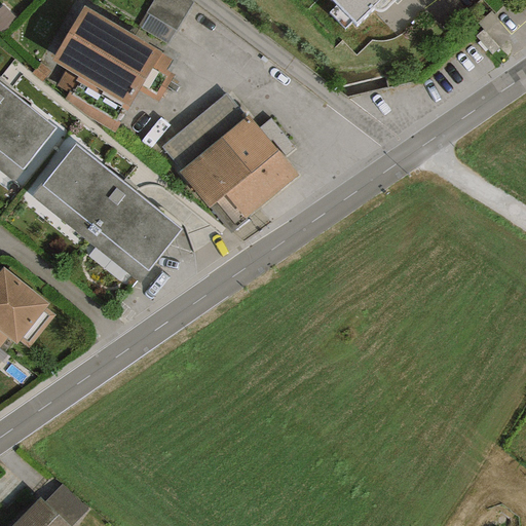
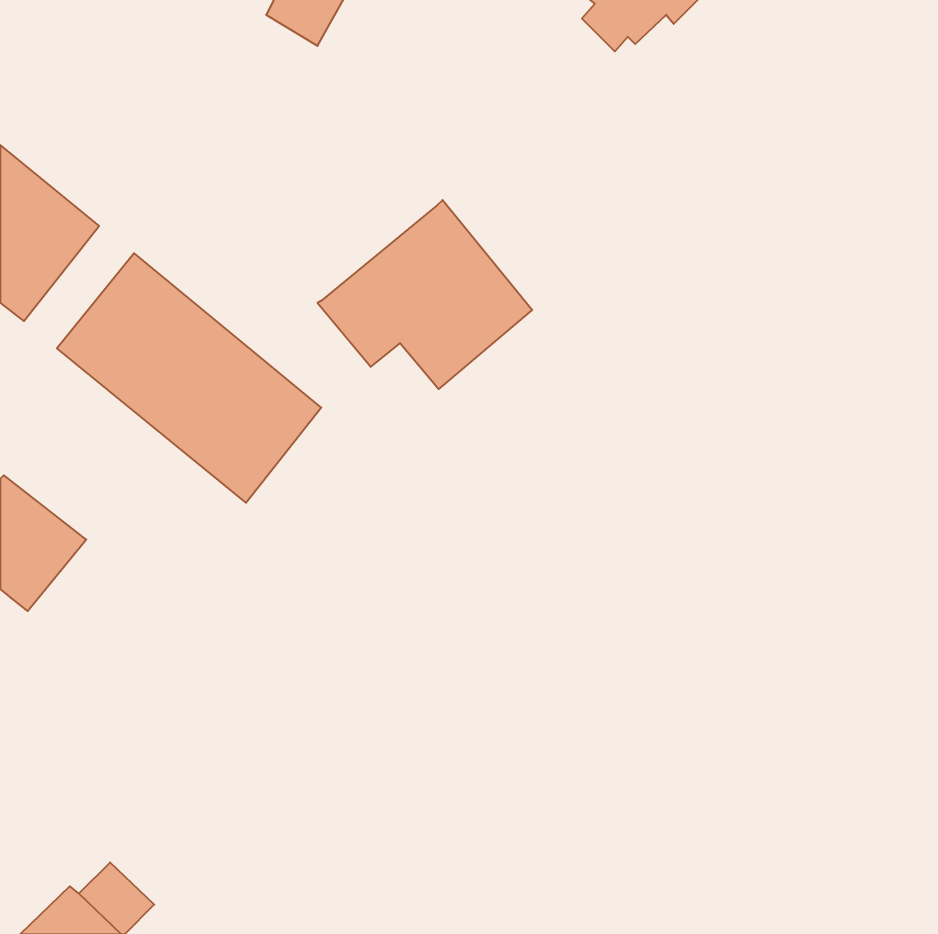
building: [48,4,174,108] -> none
building: [160,92,245,168] -> none

